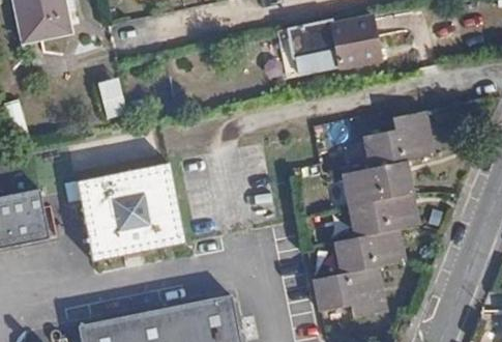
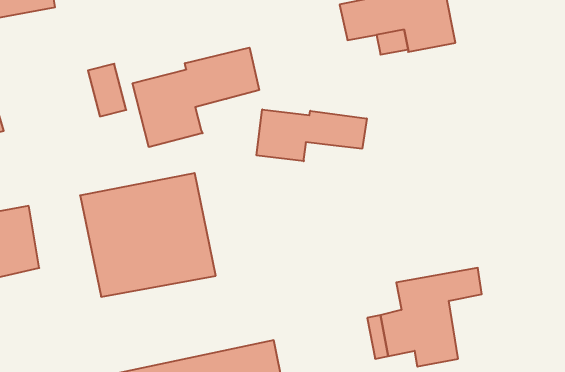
building: none -> [133,48,259,147]
building: [331,106,431,248] -> none
building: none -> [257,109,367,161]

